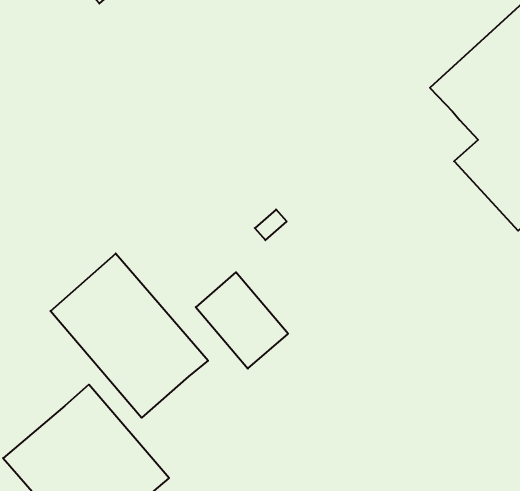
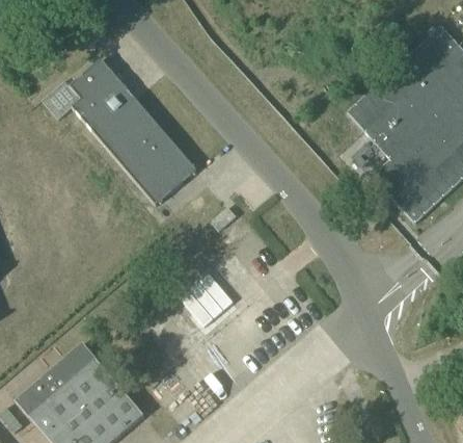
building: none -> [70,58,196,205]
building: [50,253,208,418] -> none

